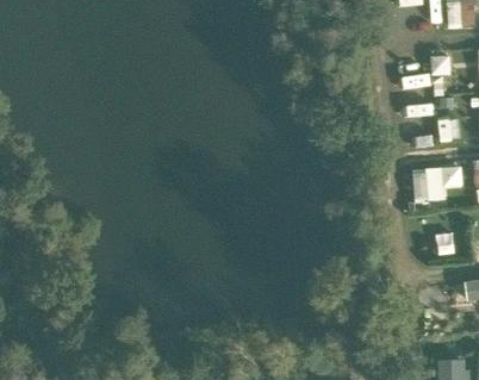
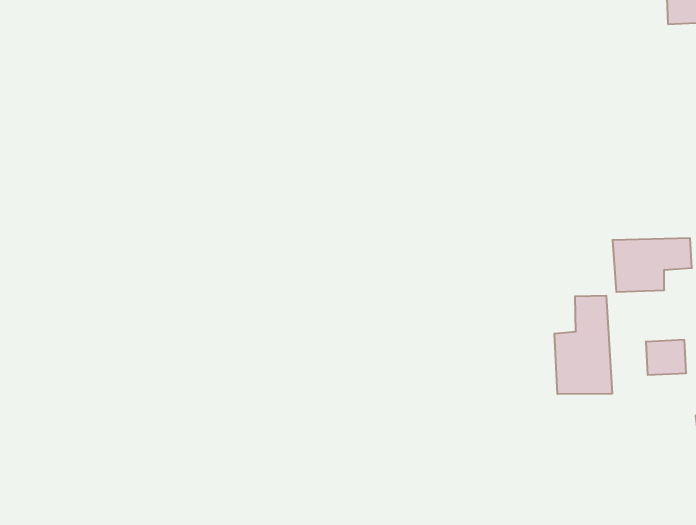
building: none -> [555,296,612,394]

